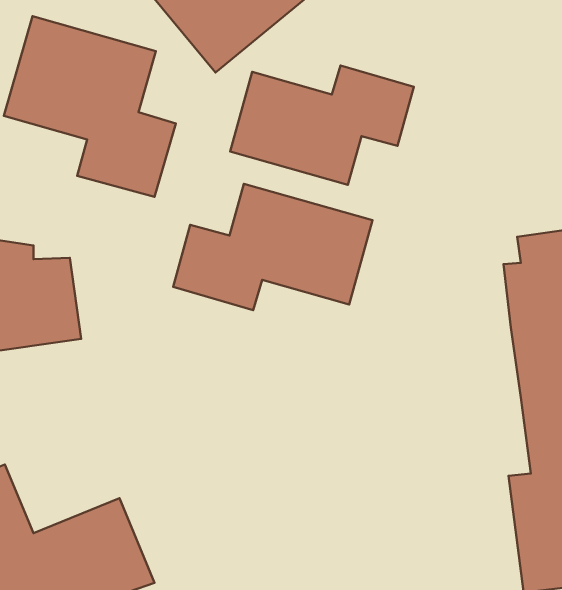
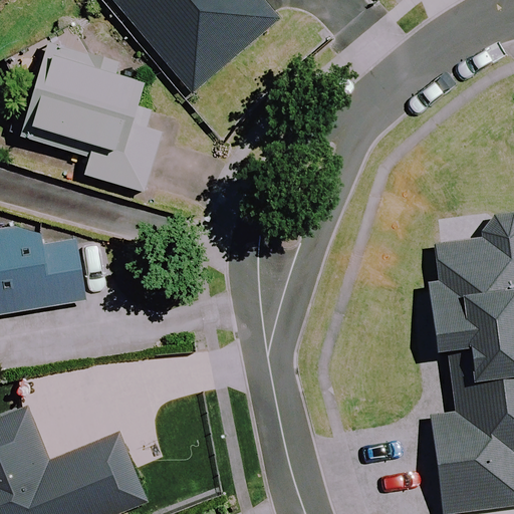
building: [230,66,414,185] -> none
building: [173,184,372,310] -> none

